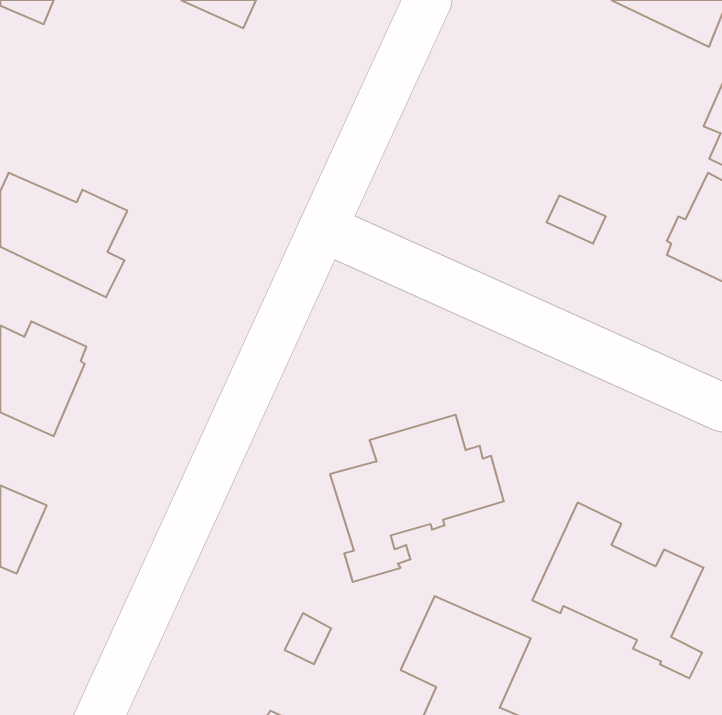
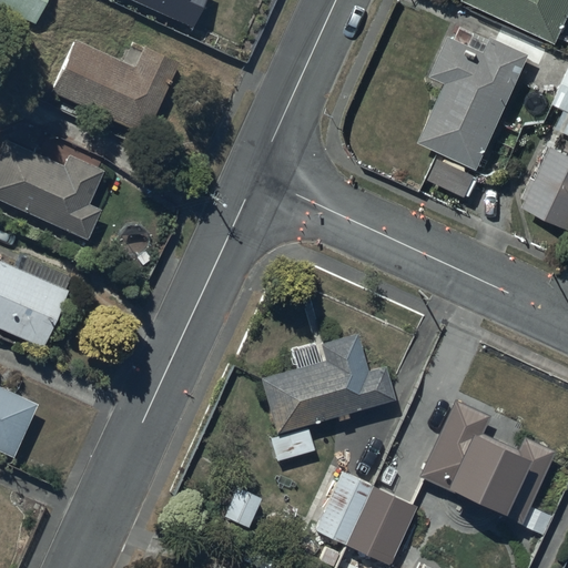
building: none -> [419,32,530,168]
building: none -> [51,41,180,135]

